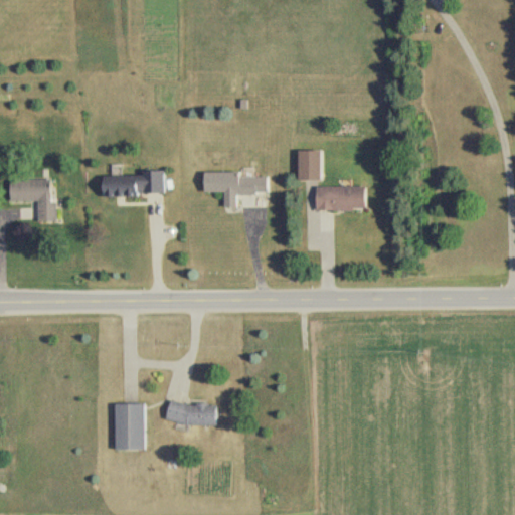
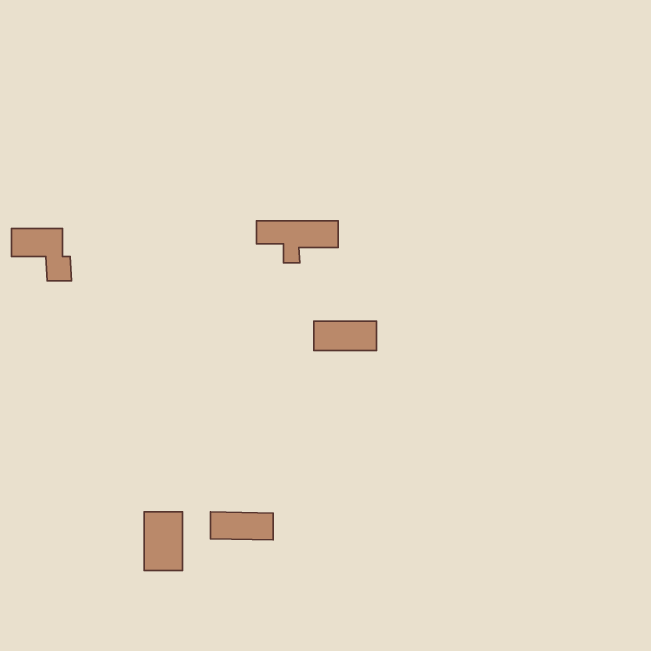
building: [297,152,321,179] -> none
building: [101,173,164,195] -> none
building: [315,187,364,210] -> [314,321,376,350]

